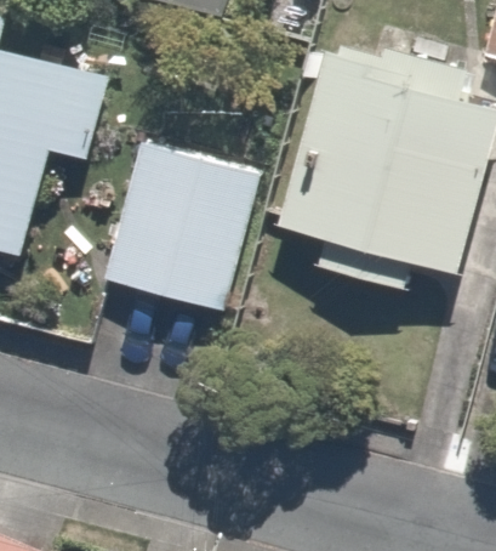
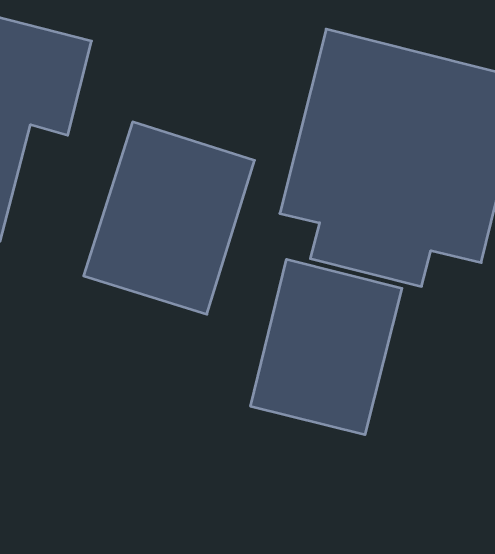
building: none -> [251,259,402,435]

